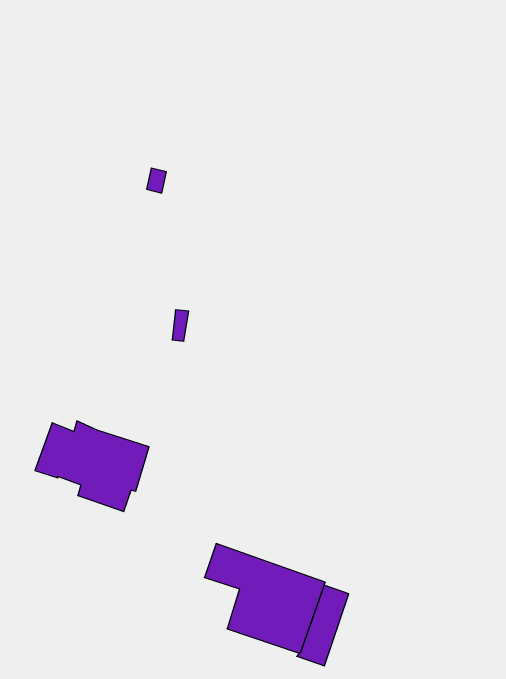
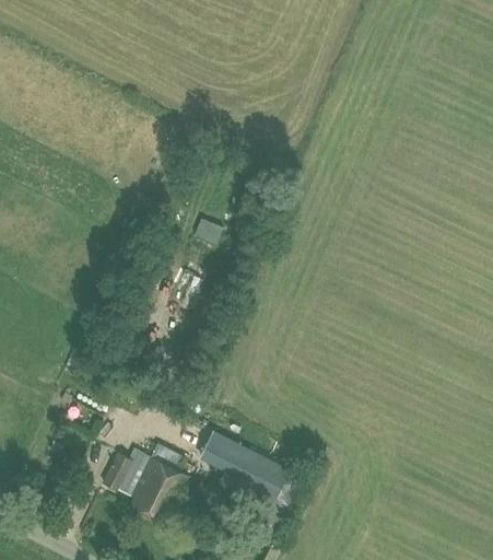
building: [35,421,149,512] -> [96,444,184,517]

